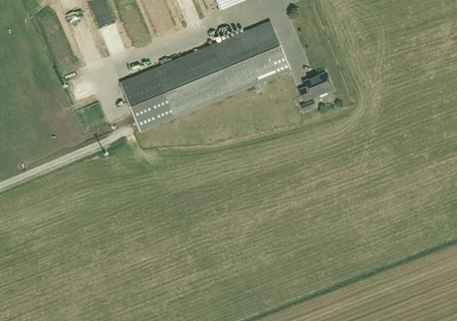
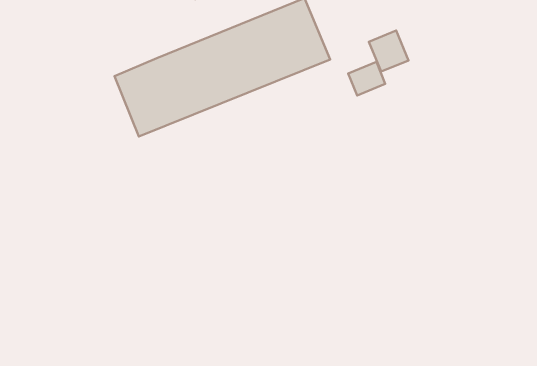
building: none -> [369,31,408,72]

